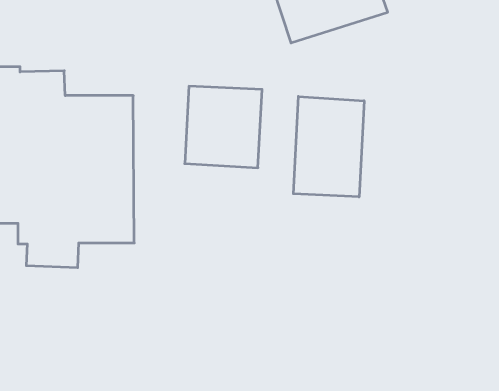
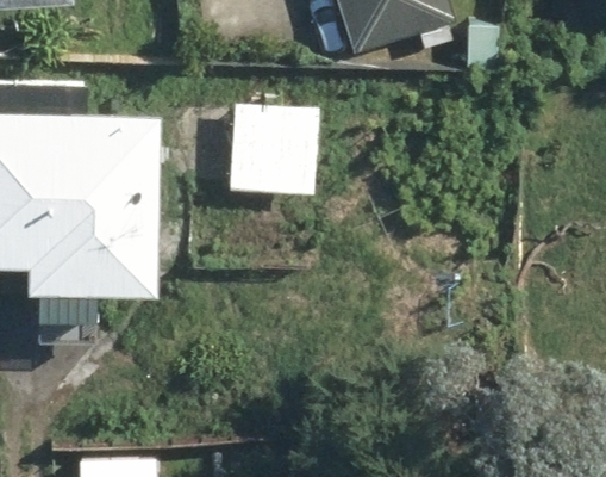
building: [293,96,364,197] -> none

